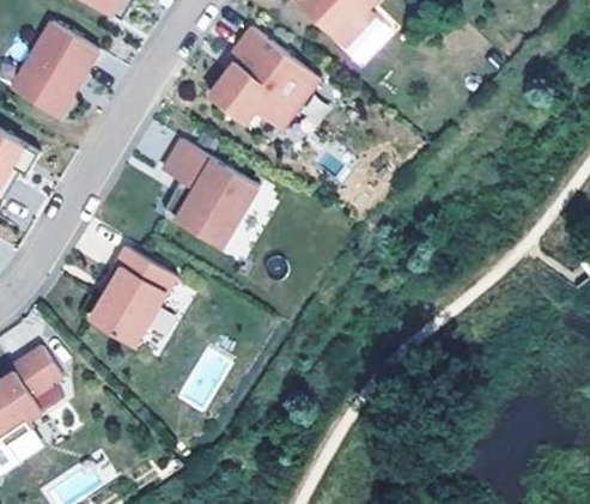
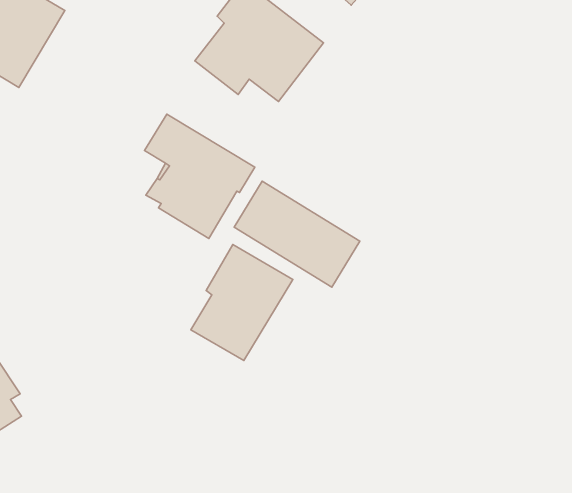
building: none -> [234,181,360,287]
building: [91,245,178,345] -> [191,244,293,361]

